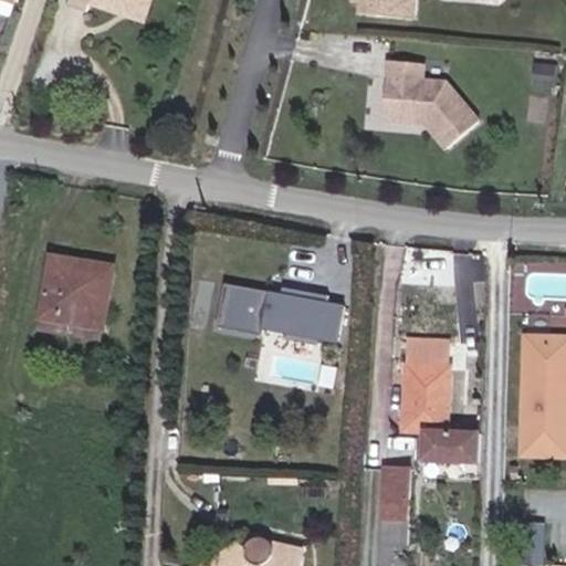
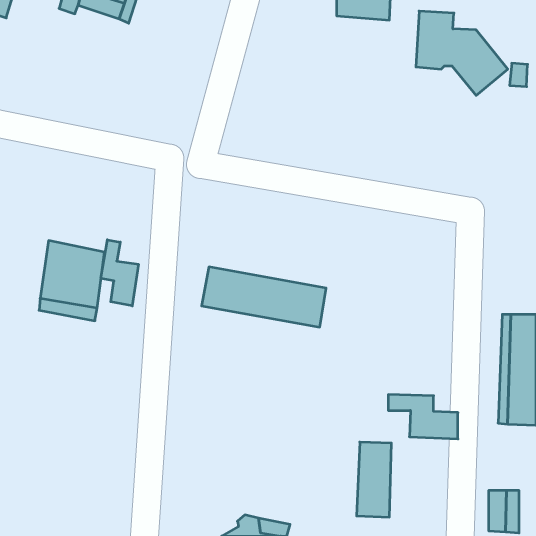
building: [378,64,474,153] -> [416,11,508,95]
building: none -> [101,240,138,306]
building: [407,339,457,415] -> none

